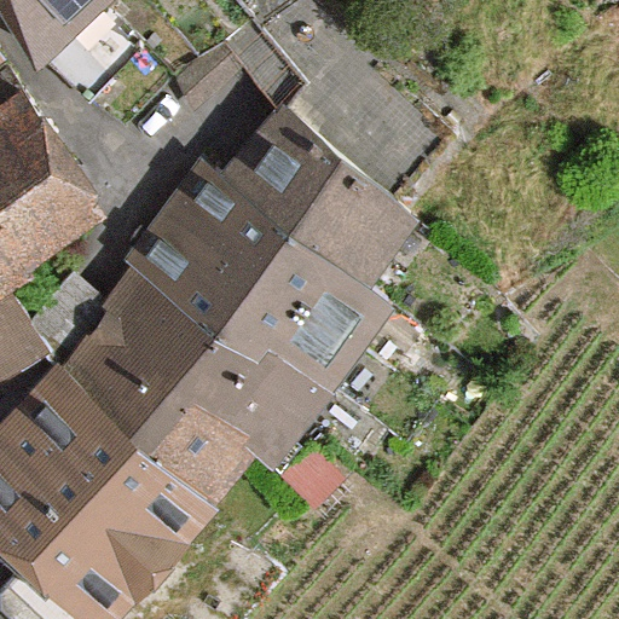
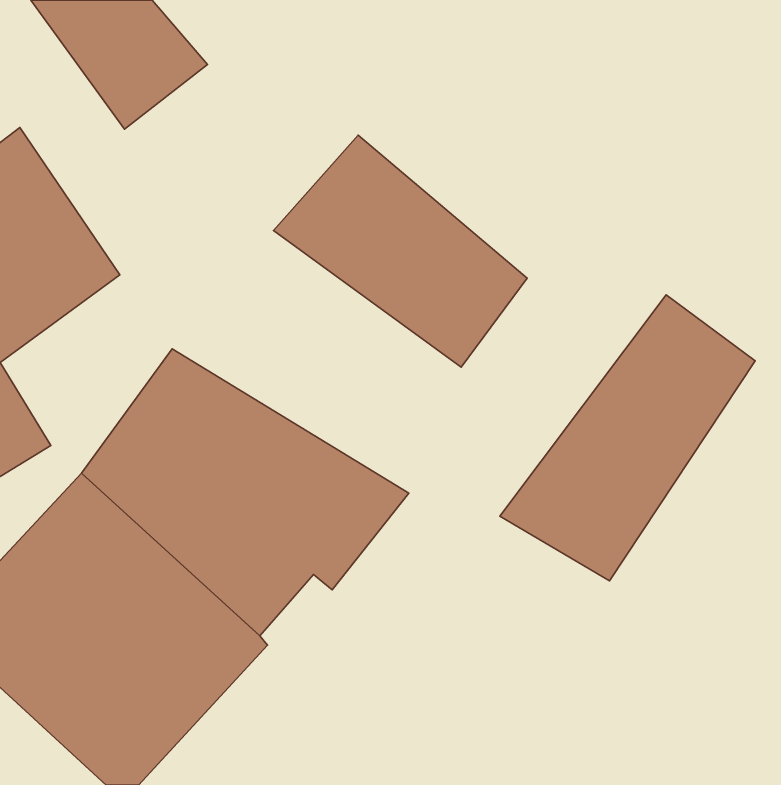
building: [135,174,384,388] -> none
building: none -> [500,295,755,581]

